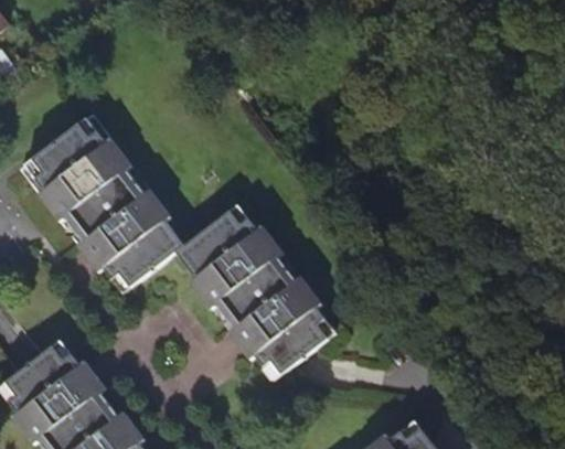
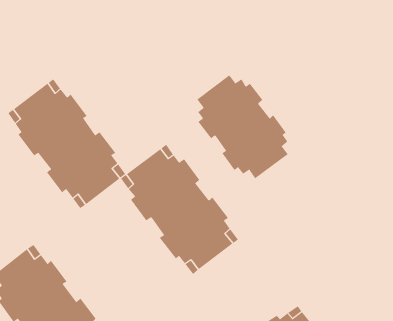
building: none -> [197,74,289,179]

